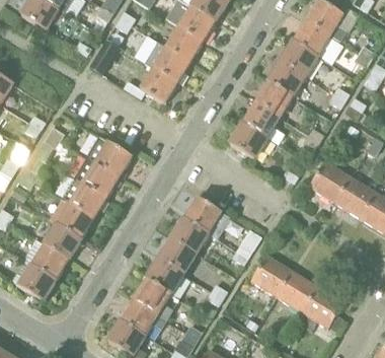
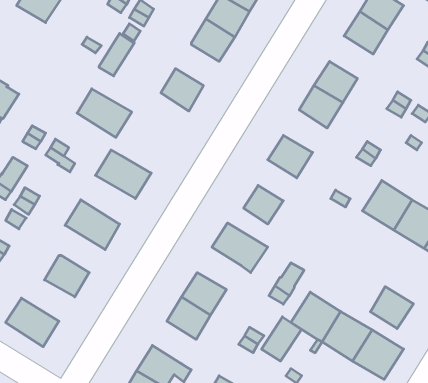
building: [282,40,318,75] -> none
building: [144,41,189,81] -> none
building: [243,101,280,137] -> none
building: [74,156,120,197] -> [77,89,132,137]
building: none -> [244,185,283,224]
building: [48,198,94,237] -> none
building: [171,216,208,252] -> none
building: [24,238,69,278] -> none
building: none -> [370,287,413,329]
building: none -> [262,317,301,361]
building: [134,278,172,318] -> none

